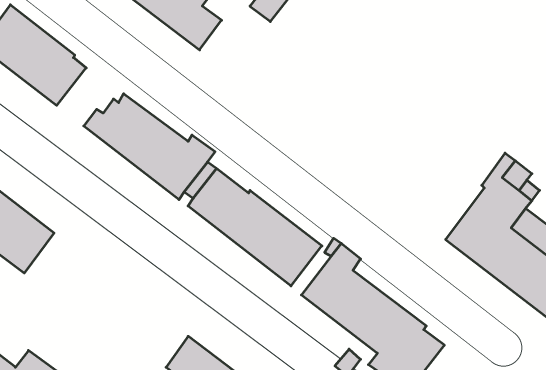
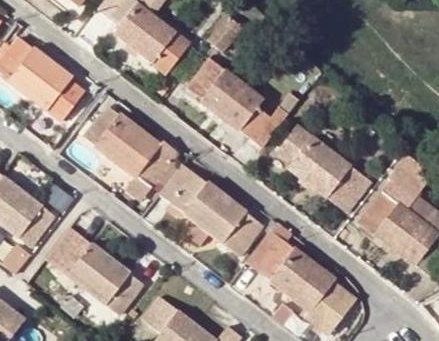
building: none -> [184,54,286,145]
building: none -> [283,126,371,210]
building: none -> [46,226,144,314]

